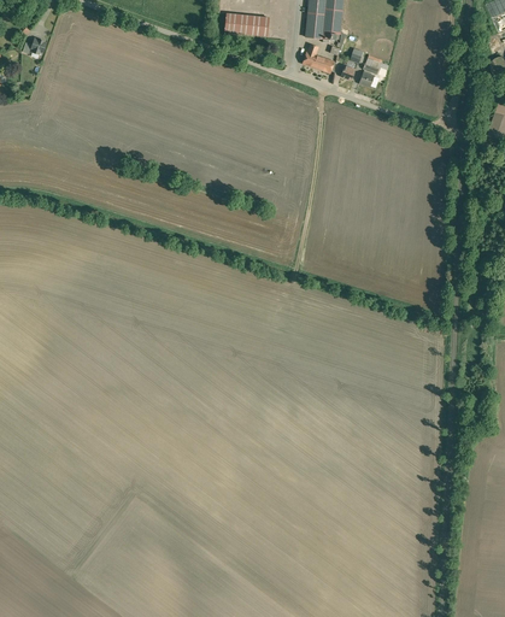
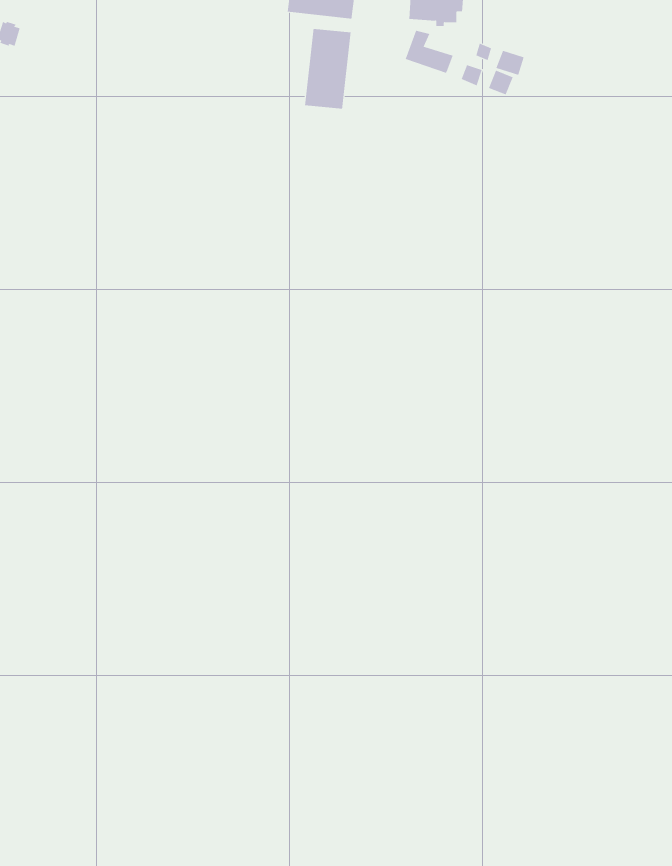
building: none -> [305,28,351,110]

